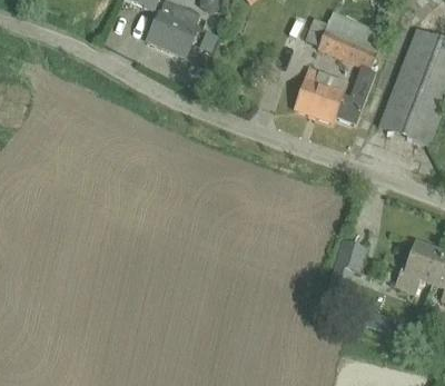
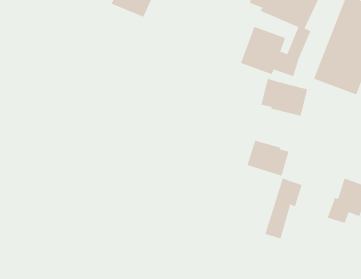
building: none -> [261,78,308,116]
building: none -> [247,140,289,177]

